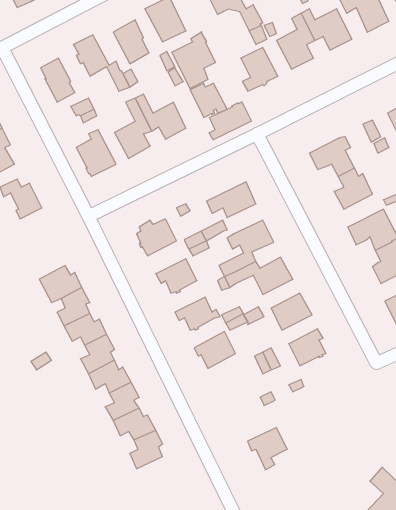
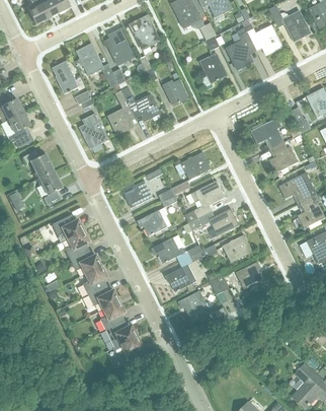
building: [172,32,215,88] -> none
building: [209,102,251,140] -> none
building: none -> [36,172,61,204]
building: [248,427,287,470] -> [178,290,208,322]

